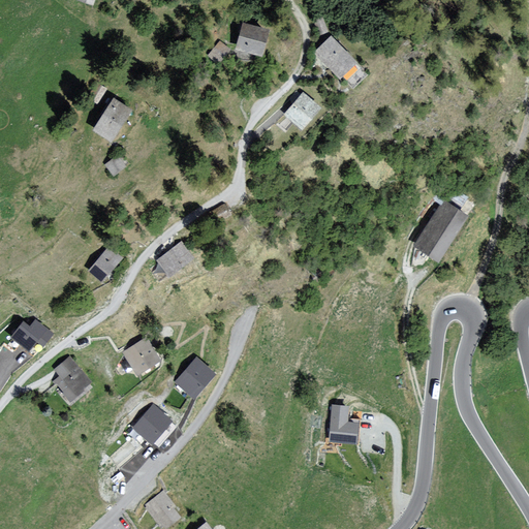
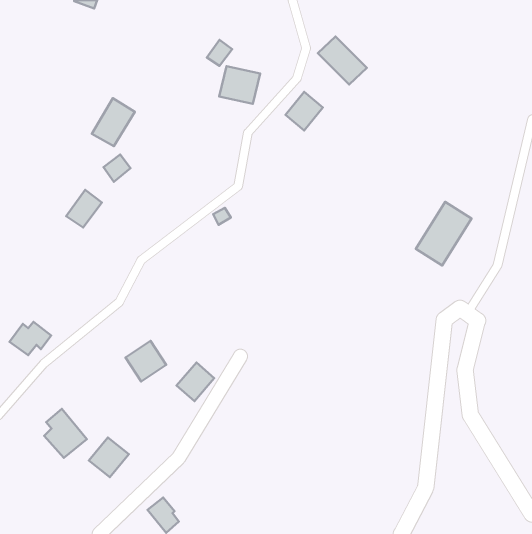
building: [235,22,275,59] -> [219,66,260,104]
building: [155,242,192,276] -> none
building: [88,246,123,283] -> [66,190,102,228]
building: [52,354,94,403] -> [44,409,87,458]
building: [326,405,356,444] -> none
building: [131,406,170,445] -> [89,438,129,477]

